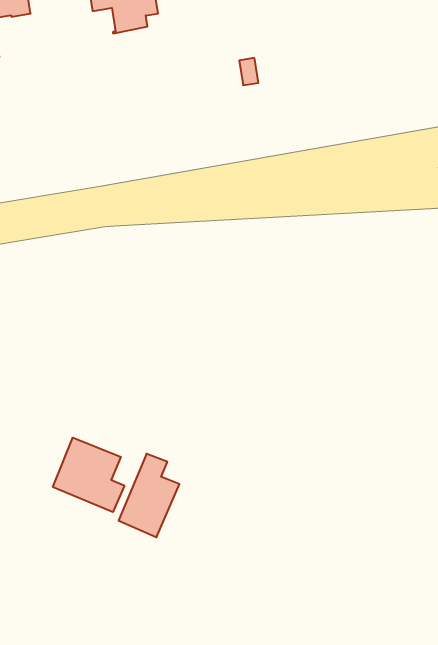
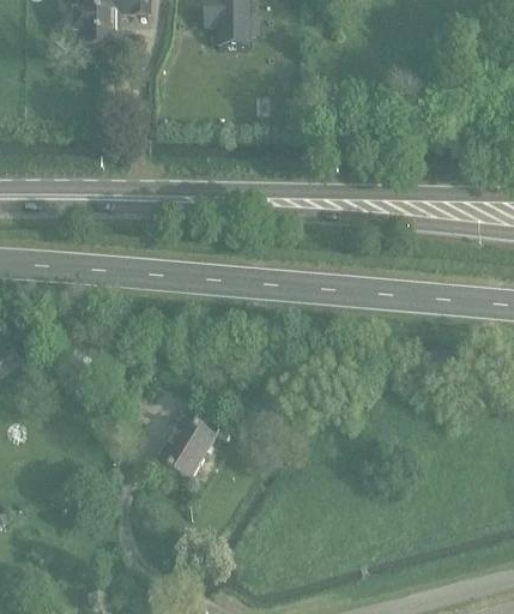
building: [53,438,124,512] -> none

